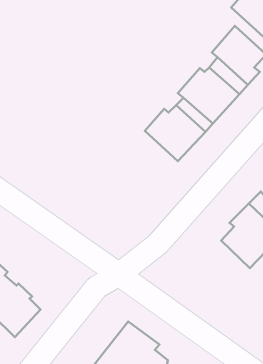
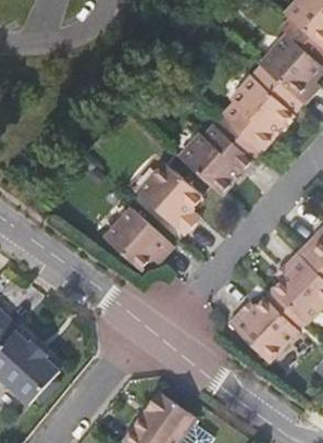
building: none -> [137,164,203,235]
building: none -> [103,209,173,274]
building: none -> [225,290,305,364]

